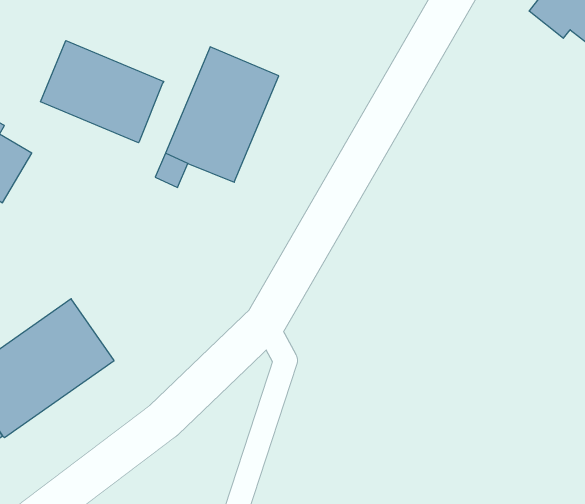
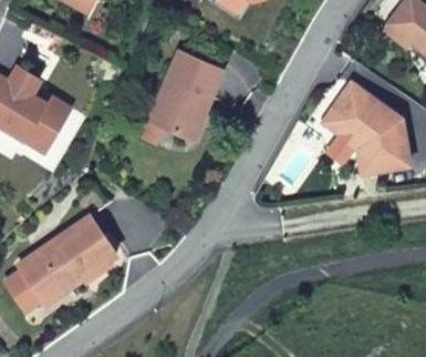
building: [41,41,164,143] -> none
building: none -> [324,89,409,173]

